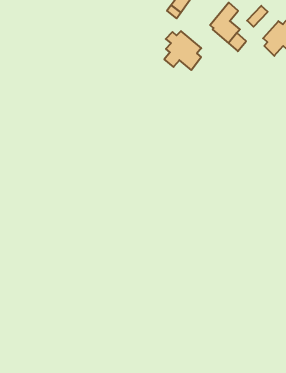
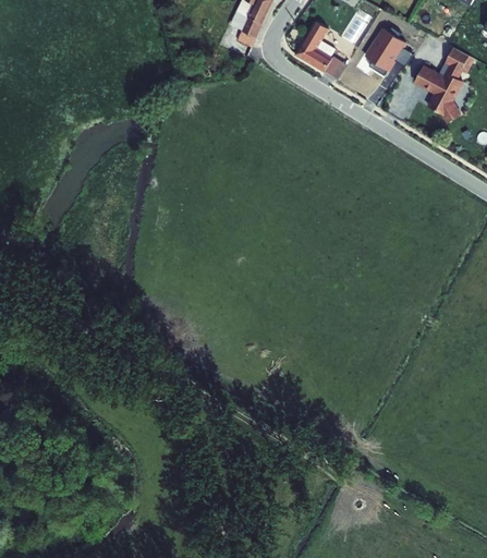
building: [164,31,201,70] -> none

